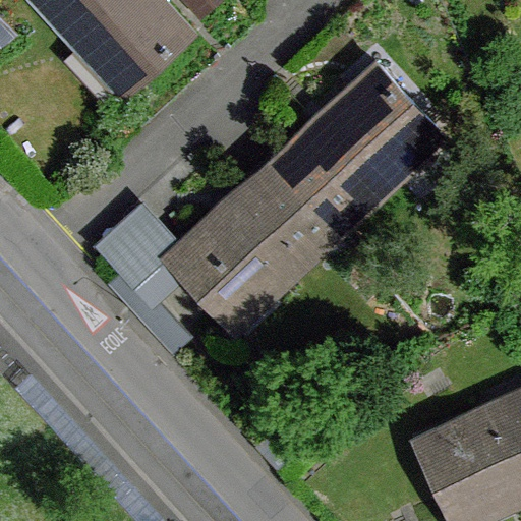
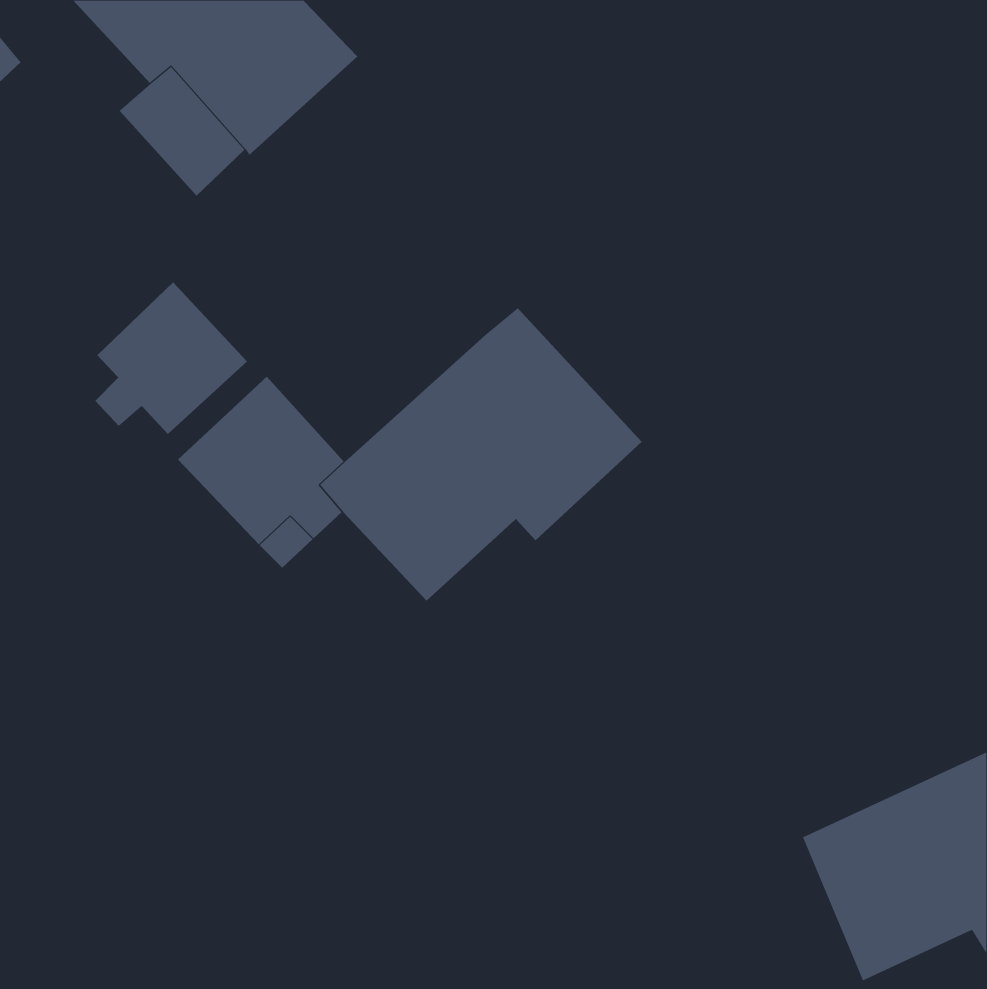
building: [271,69,429,234] -> none
building: none -> [95,281,248,435]

